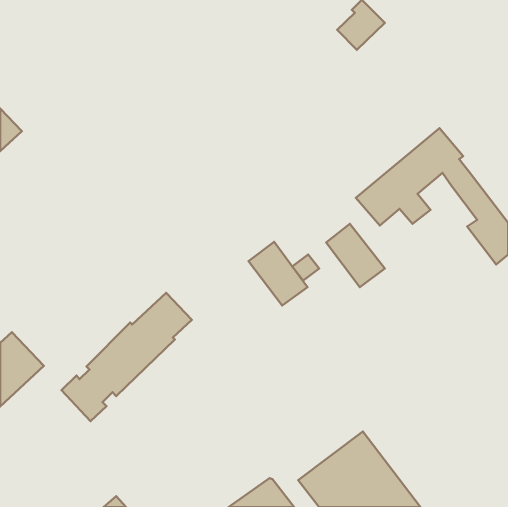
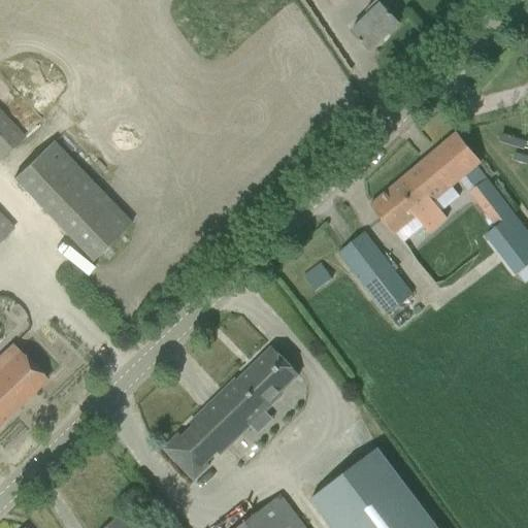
building: none -> [12,141,130,261]
building: [249,242,307,305] -> none
building: none -> [373,278,411,316]
building: [62,293,192,421] -> [163,348,298,481]

